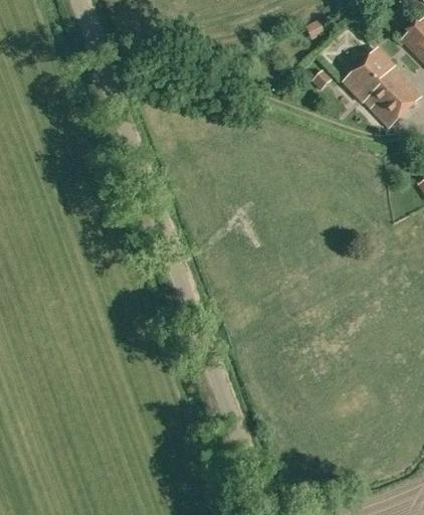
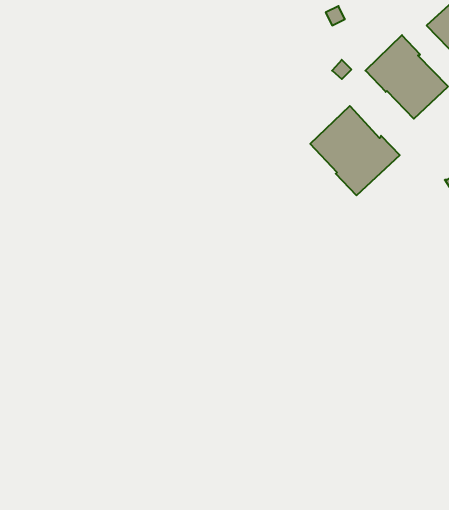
building: none -> [310,106,400,195]

